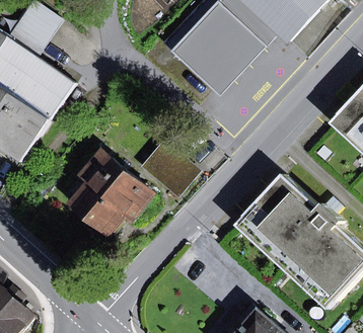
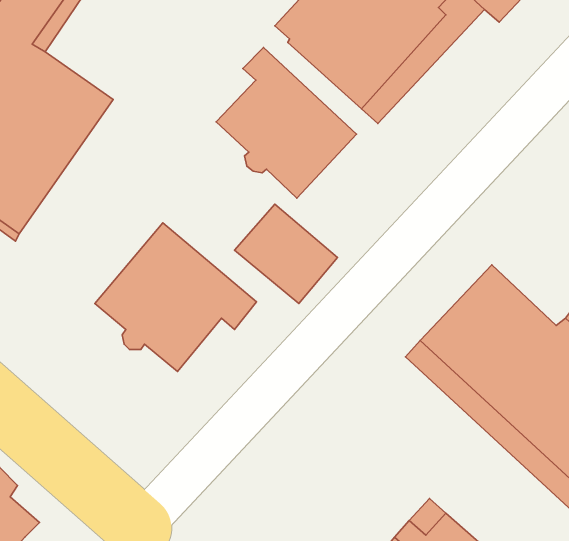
building: none -> [216,48,356,198]

